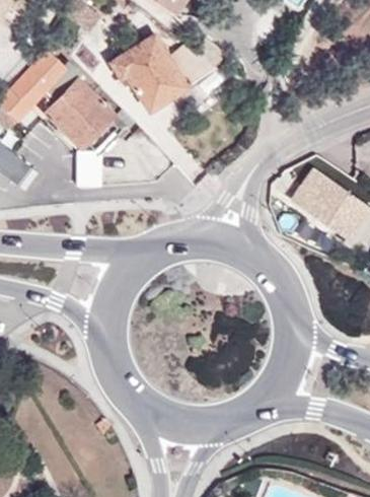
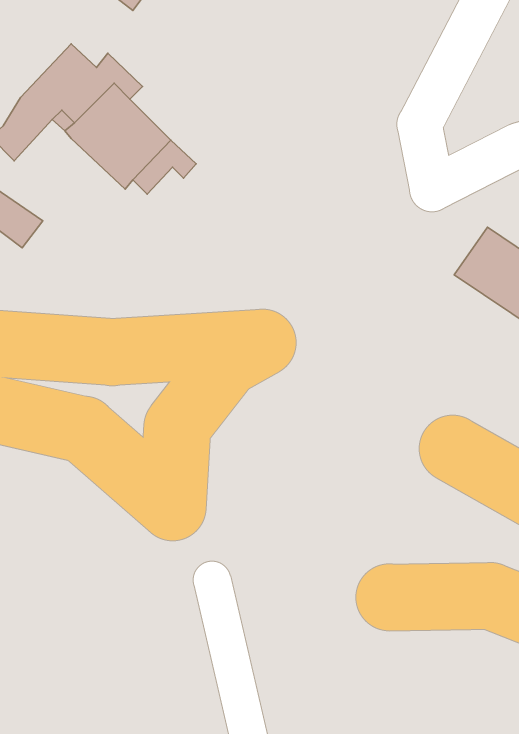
building: [108,37,214,109] -> none

